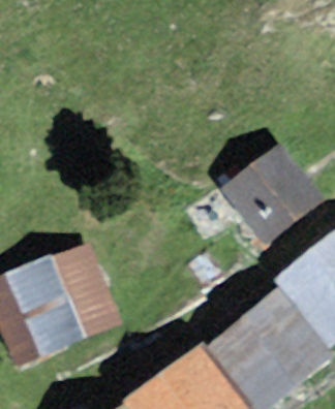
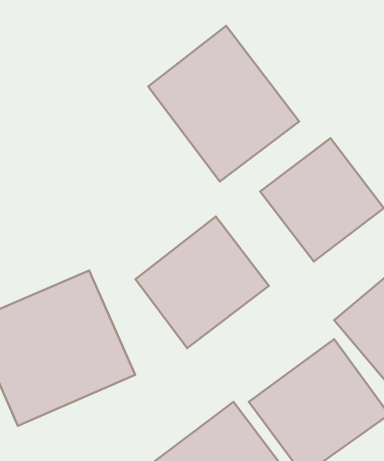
building: none -> [148,26,299,182]
building: none -> [135,217,269,348]

